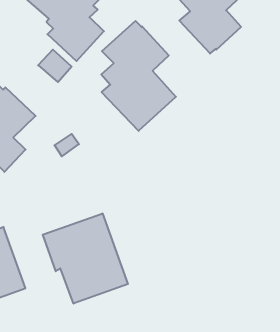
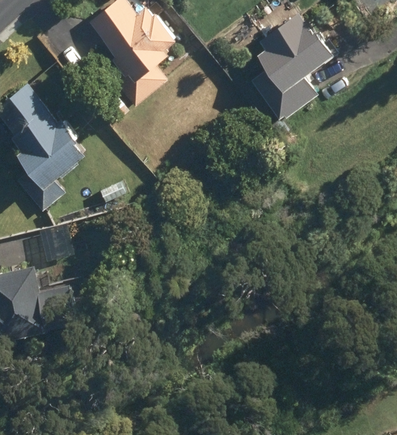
building: [101,21,176,131] -> none
building: [43,213,128,304] -> none

